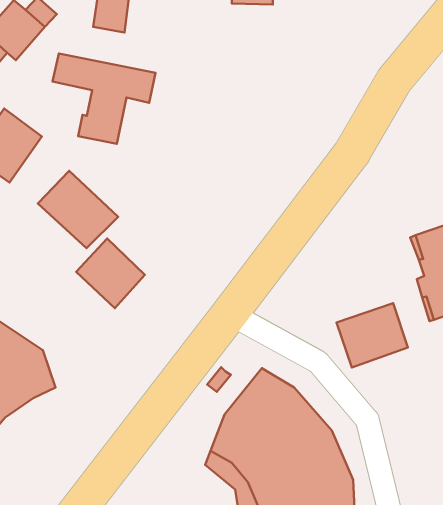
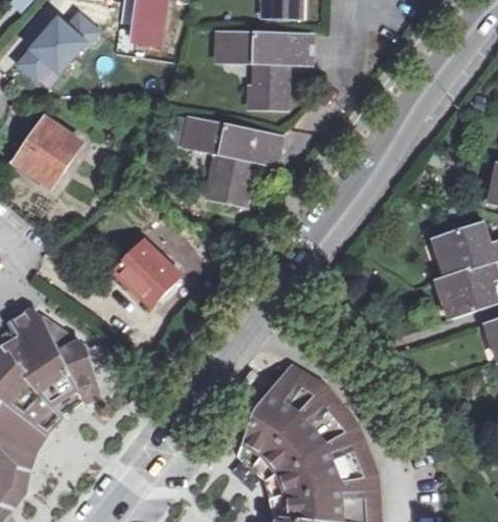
building: none -> [218,33,312,108]
building: [52,54,156,144] -> [184,118,282,204]
building: [38,171,118,248] -> none
building: [336,303,408,368] -> none

